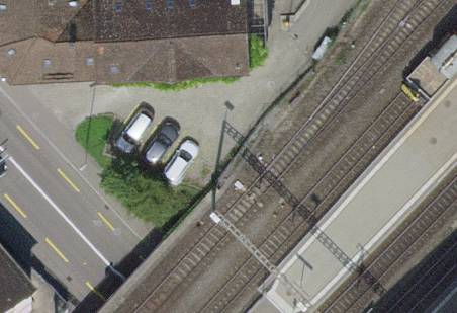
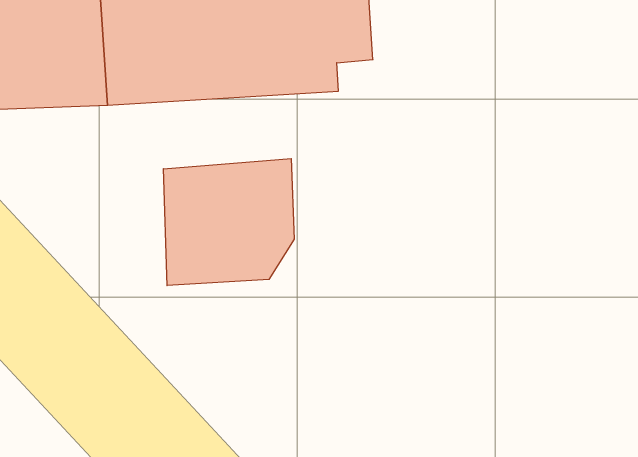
building: none -> [163,159,294,286]

